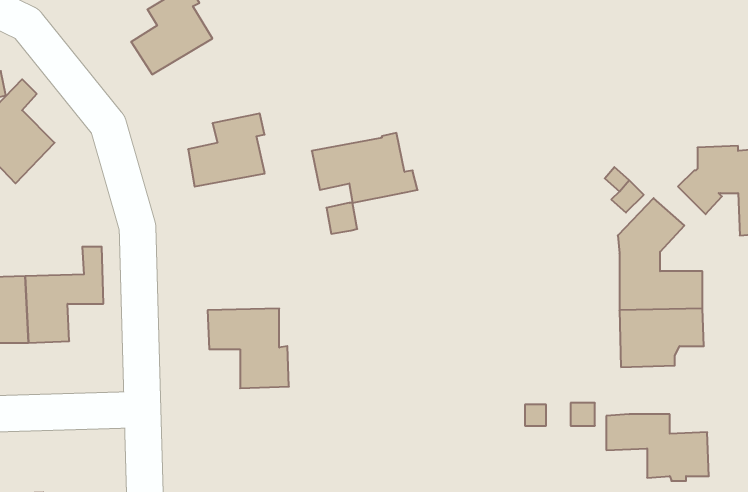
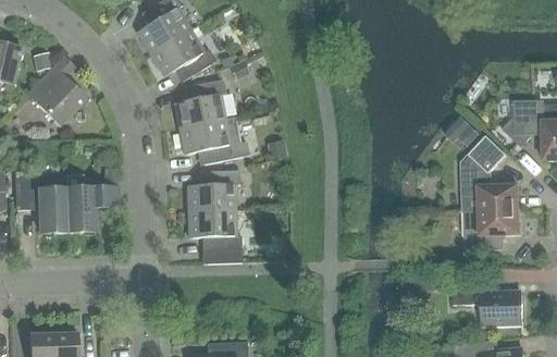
building: none -> [150,29,214,77]
building: [312,133,418,203] -> [178,116,249,163]
building: none -> [187,170,239,211]

